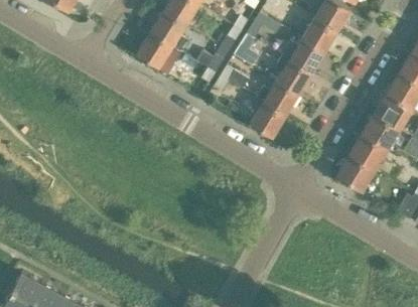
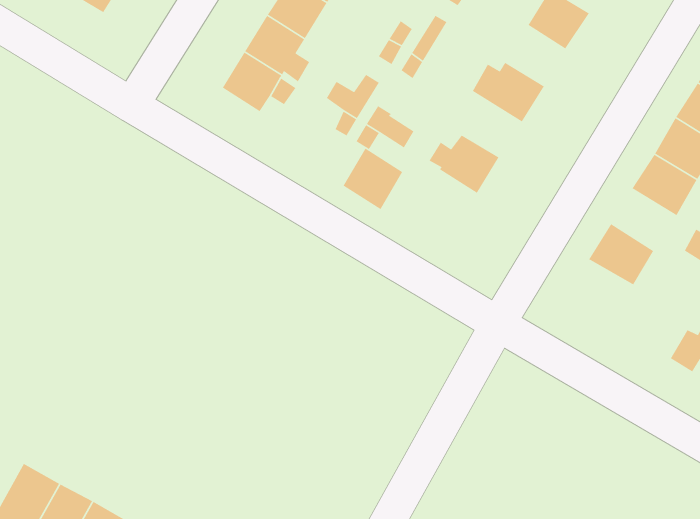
building: [300,19,335,54] -> none
building: [275,57,310,96] -> none
building: [249,103,284,139] -> [343,148,403,210]
building: [362,114,400,150] -> none
building: [335,155,375,192] -> none

